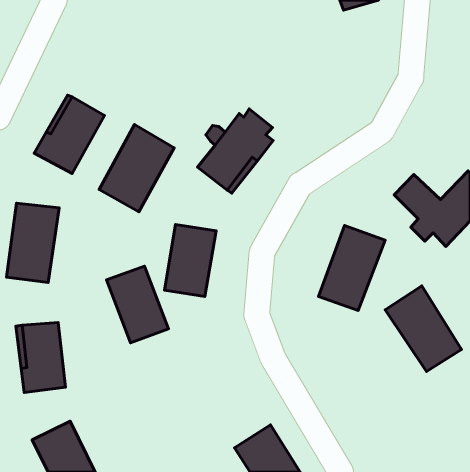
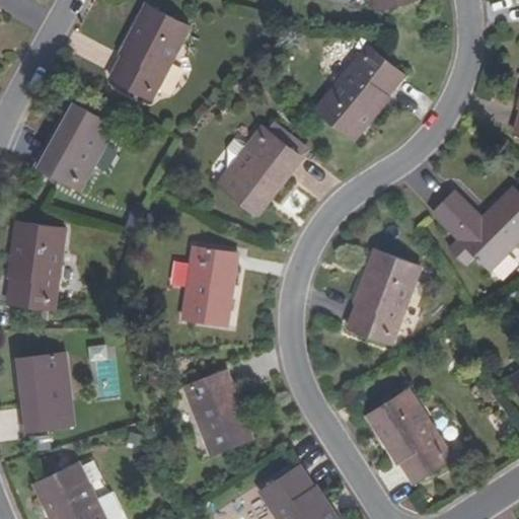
building: none -> [107,8,189,103]
building: none -> [316,46,405,137]
building: [99,124,174,212] -> none
building: [107,266,168,343] -> [181,372,249,456]
building: [385,286,462,372] -> [367,388,451,483]

